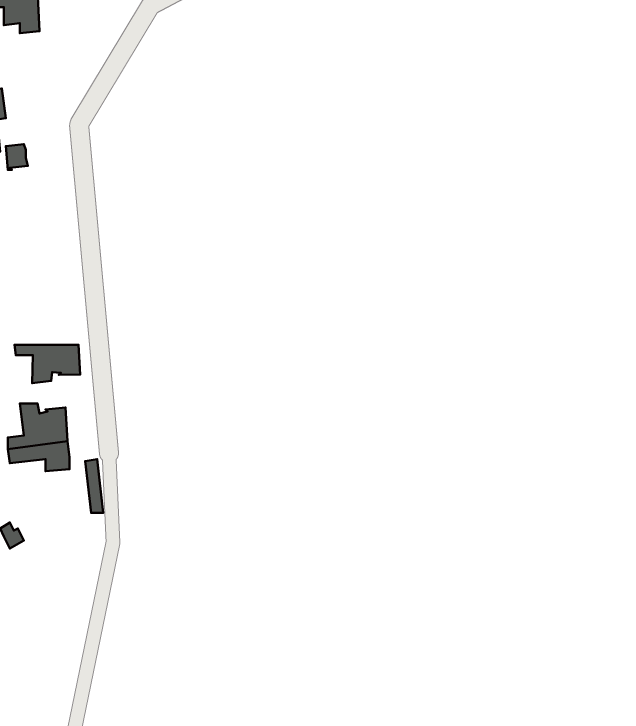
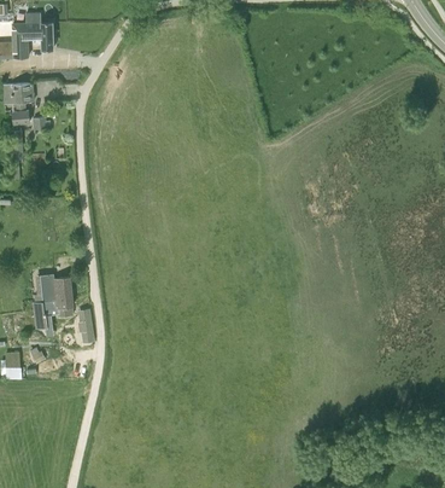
building: [14,345,80,383] -> none

